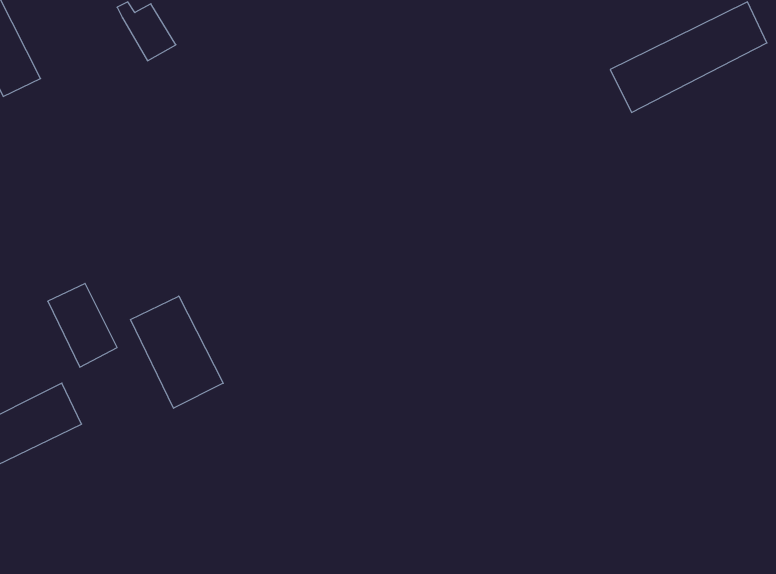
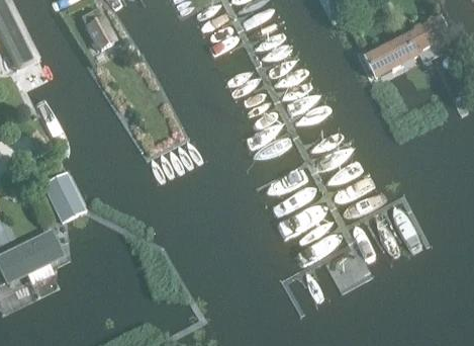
building: [130,296,223,408] -> none

